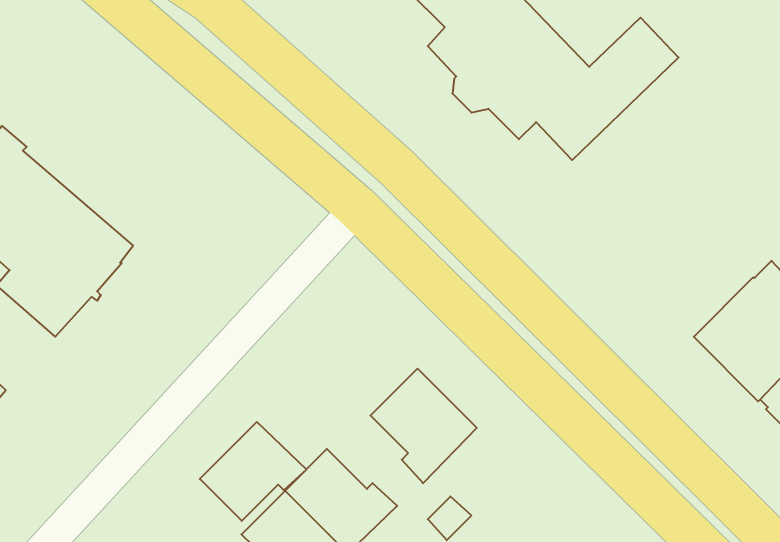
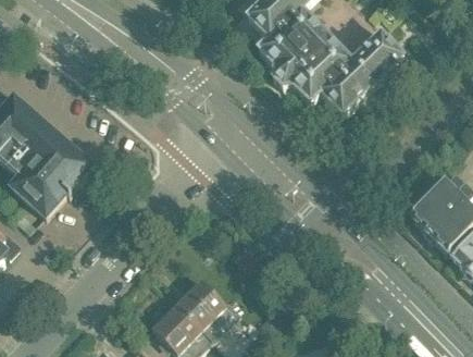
building: [370,369,477,483] -> none
building: [200,422,306,521] -> none

